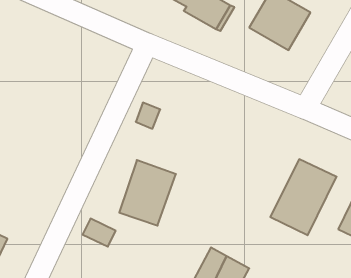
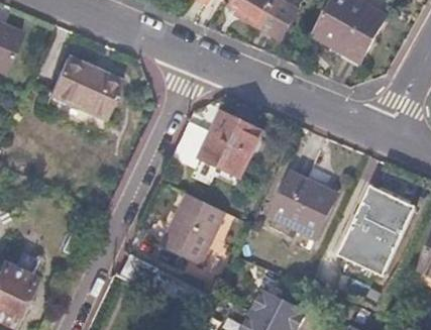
building: none -> [46,56,123,126]
building: none -> [199,117,258,178]
building: none -> [271,171,336,234]

